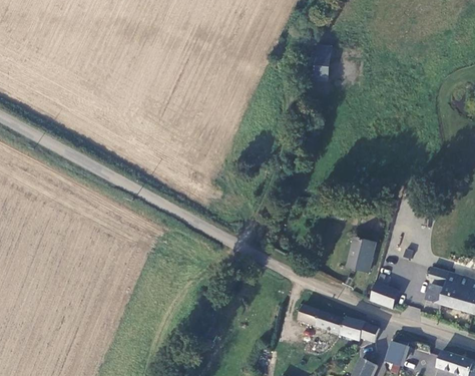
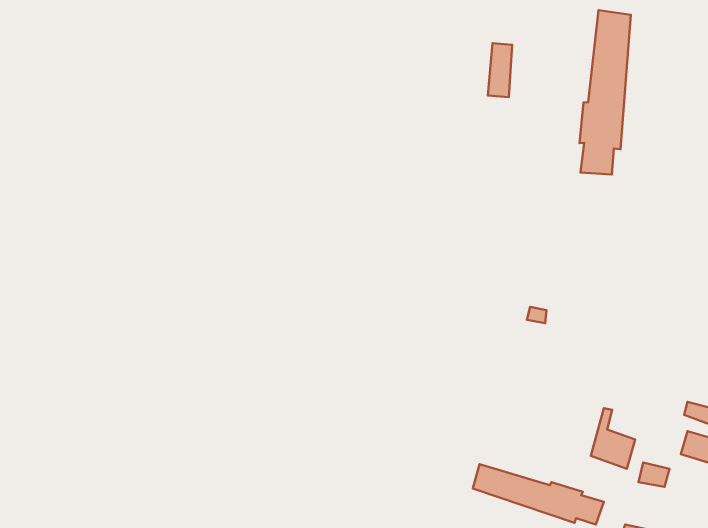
building: none -> [580,10,631,174]
building: [349,239,377,273] -> none

